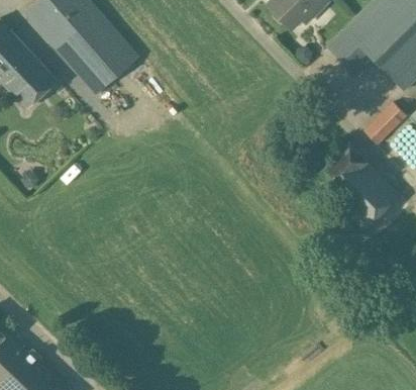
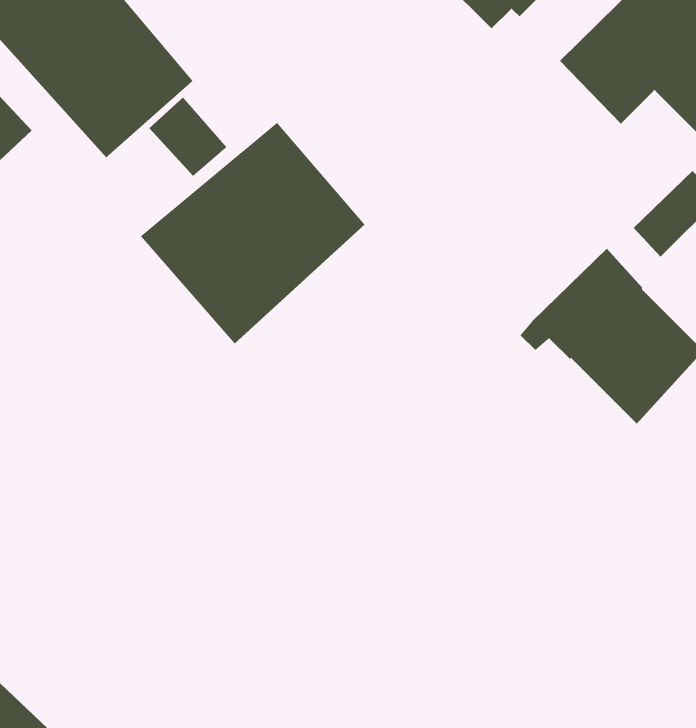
building: none -> [148,96,227,177]
building: none -> [140,122,366,344]

